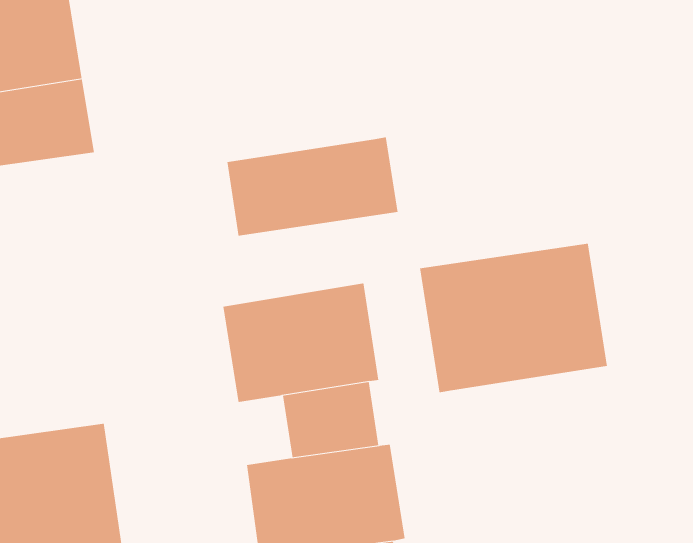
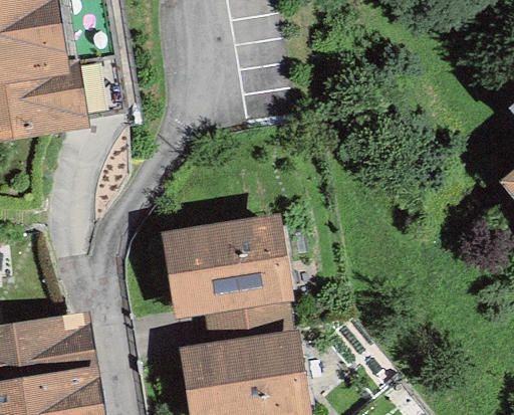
building: [227,137,398,236] -> none
building: [420,243,607,393] -> none

